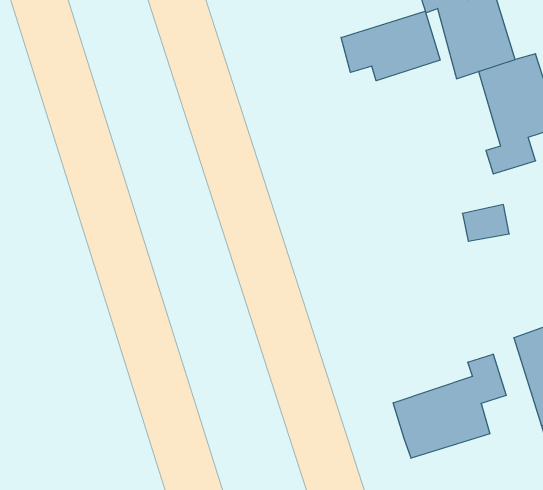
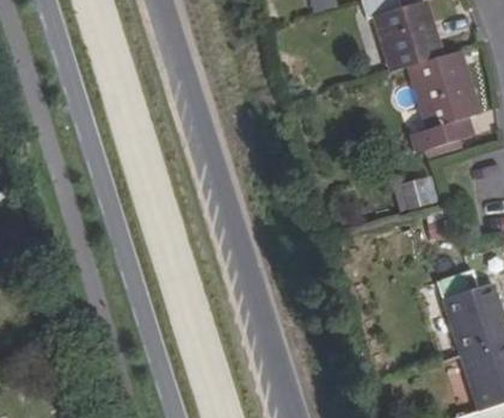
building: [341,11,440,81] -> none
building: [393,354,506,458] -> none

